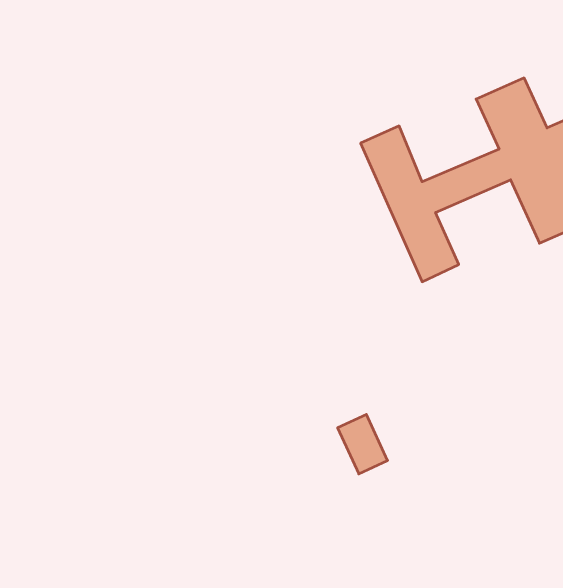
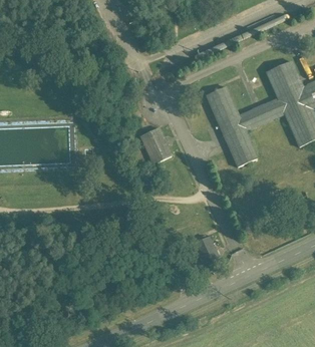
building: none -> [140,126,172,163]

